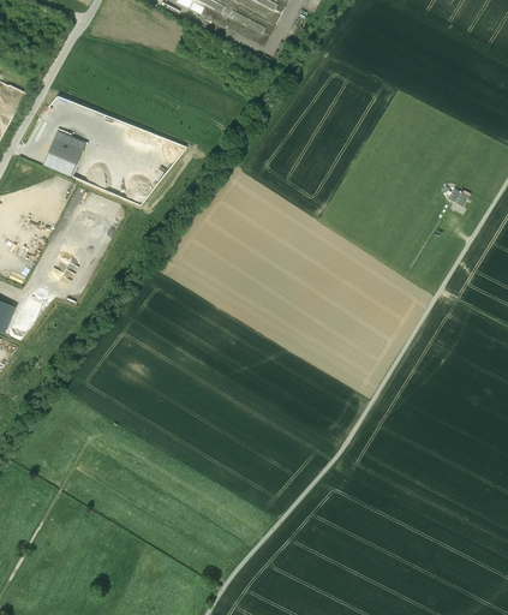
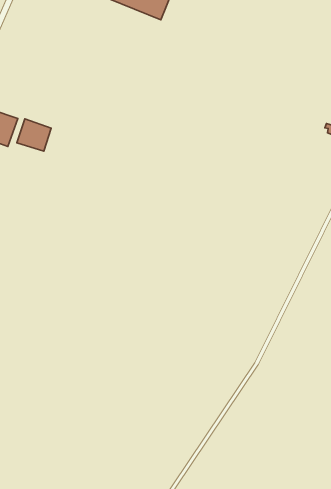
building: none -> [17,119,51,151]

